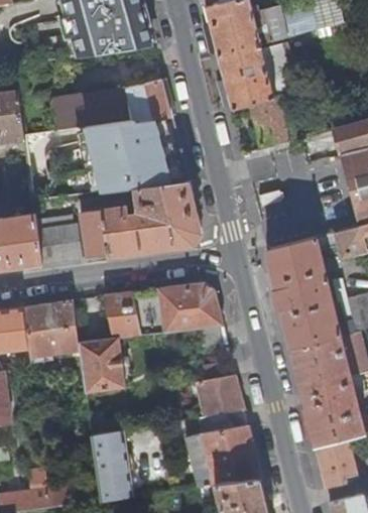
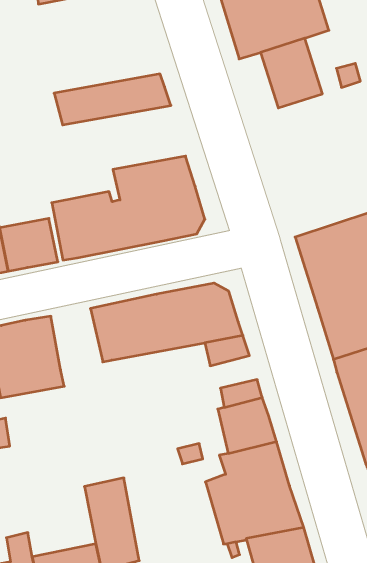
building: [52,79,169,128] -> none
building: [91,141,186,190] -> none
building: [78,338,124,392] -> none

